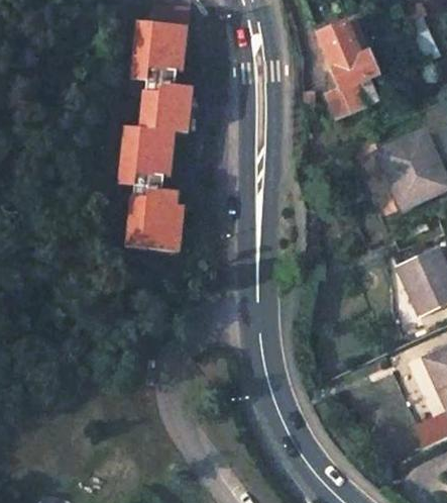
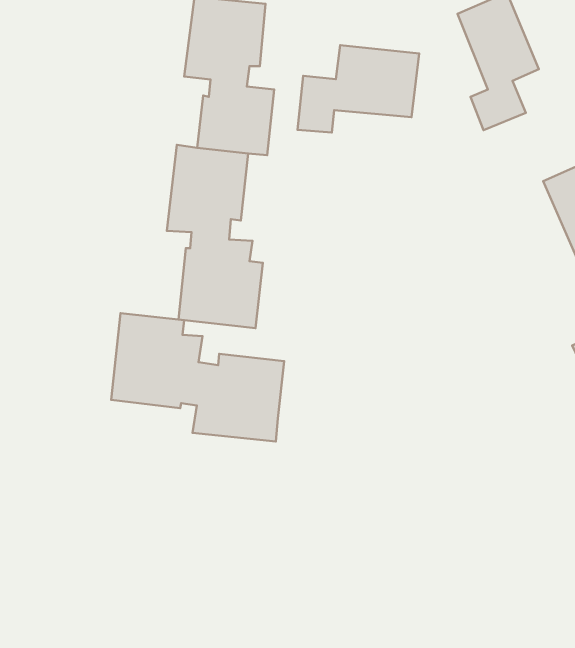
building: none -> [298,45,419,133]
building: none -> [111,313,284,441]

